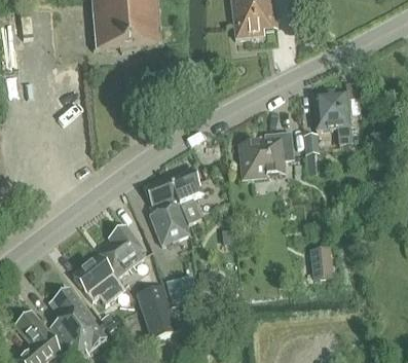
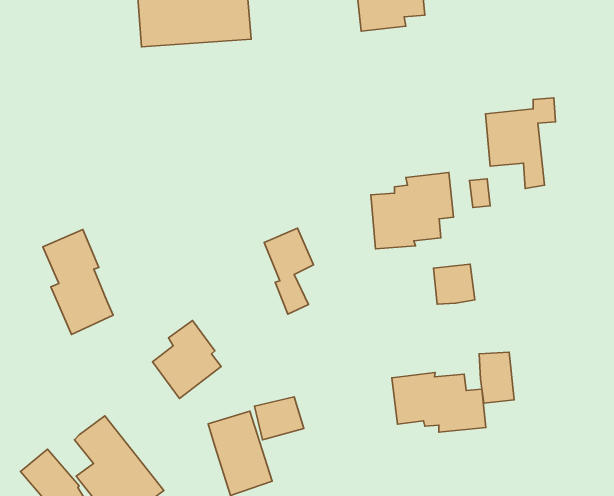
building: [146,175,191,243] -> [43,229,113,334]
building: none -> [433,264,475,304]
building: [73,252,125,301] -> none
building: none -> [392,373,486,432]

